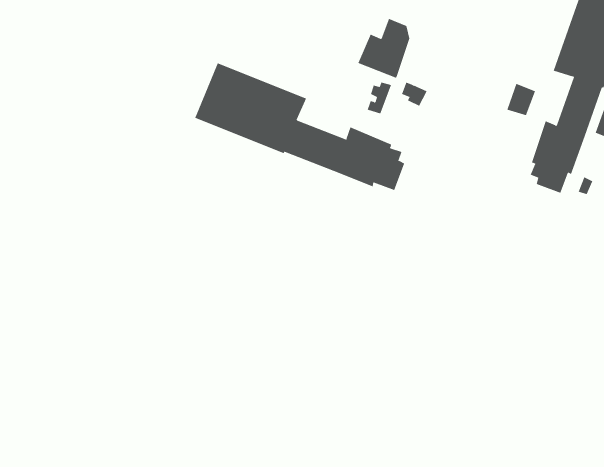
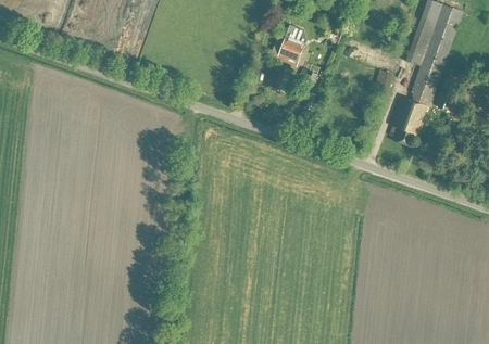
building: [195,63,405,191] -> none

